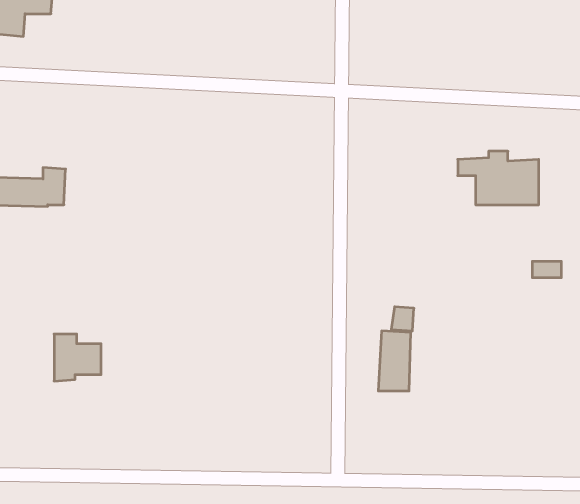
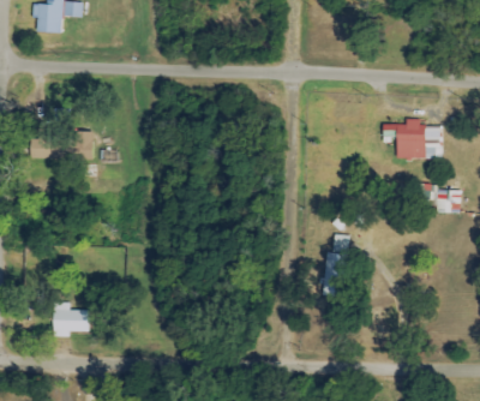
building: [54,334,101,381] -> [54,301,89,336]

